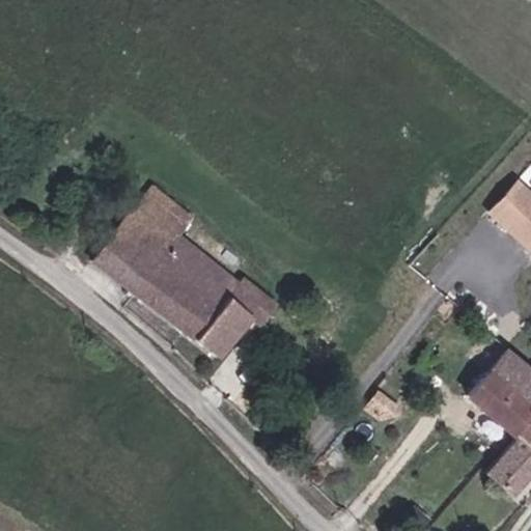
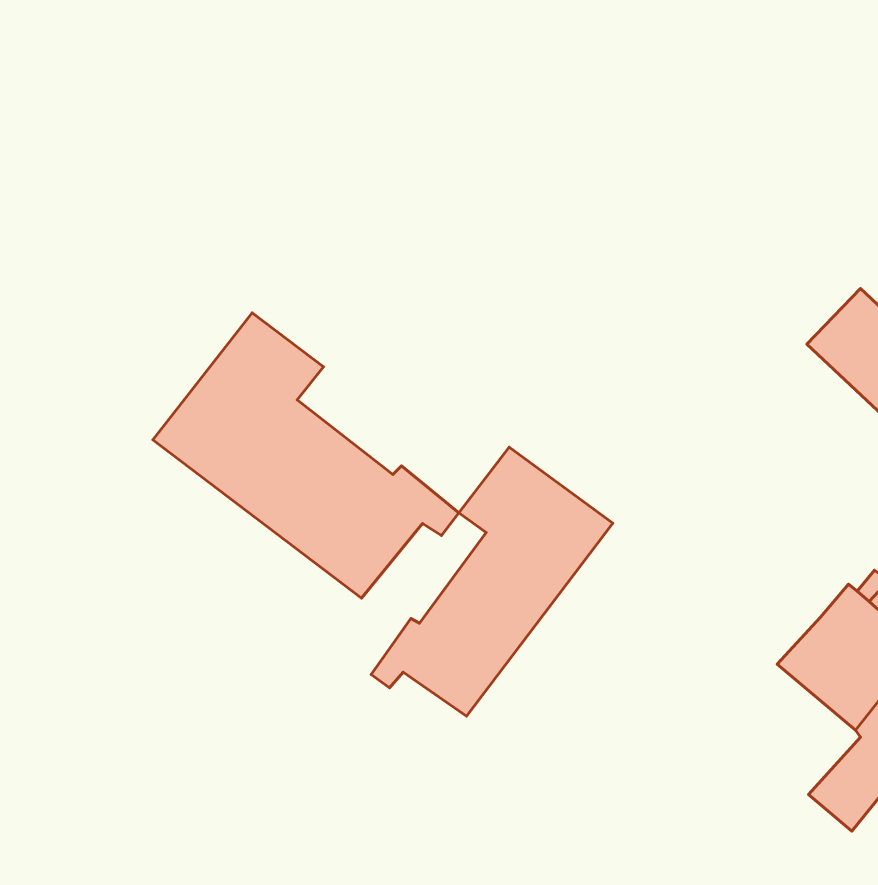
building: none -> [371,447,613,716]

